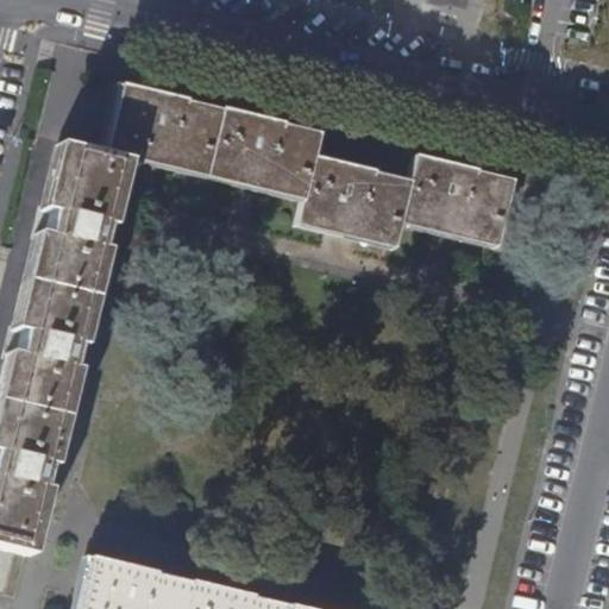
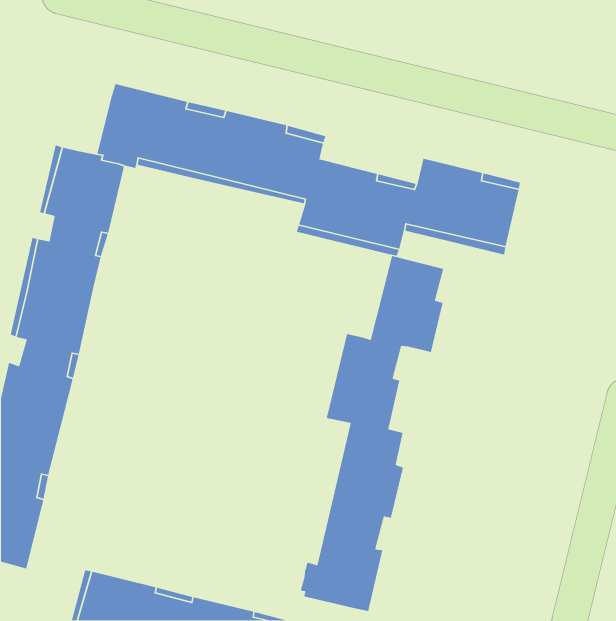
building: none -> [300,255,444,612]

